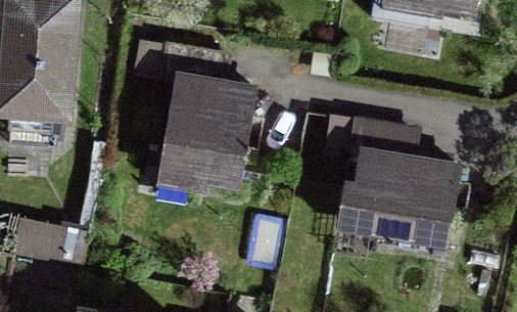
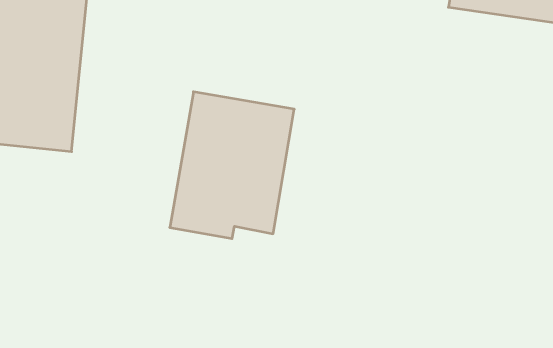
building: [342,151,459,247] -> none

